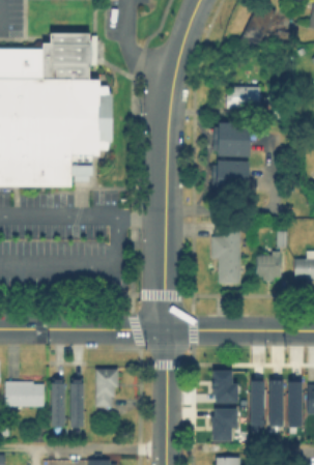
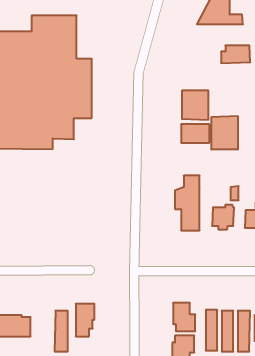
building: [226,89,260,110] -> [221,45,250,63]
building: none -> [211,116,238,150]
building: [51,378,65,424] -> none

